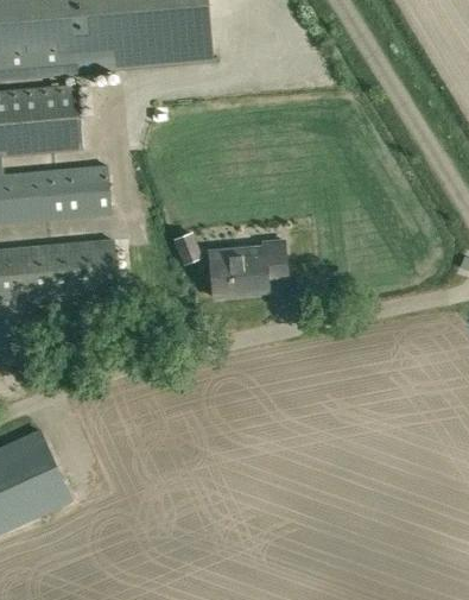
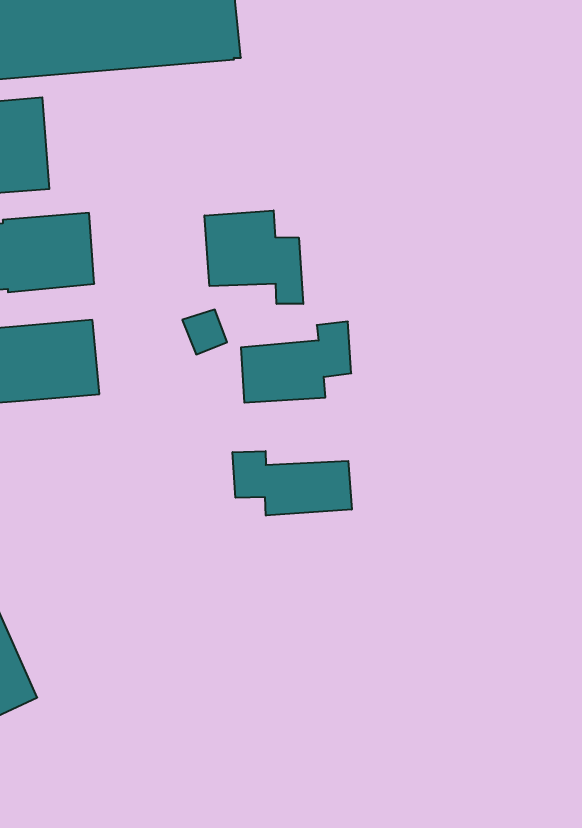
building: none -> [205,210,303,304]
building: none -> [233,451,352,516]

